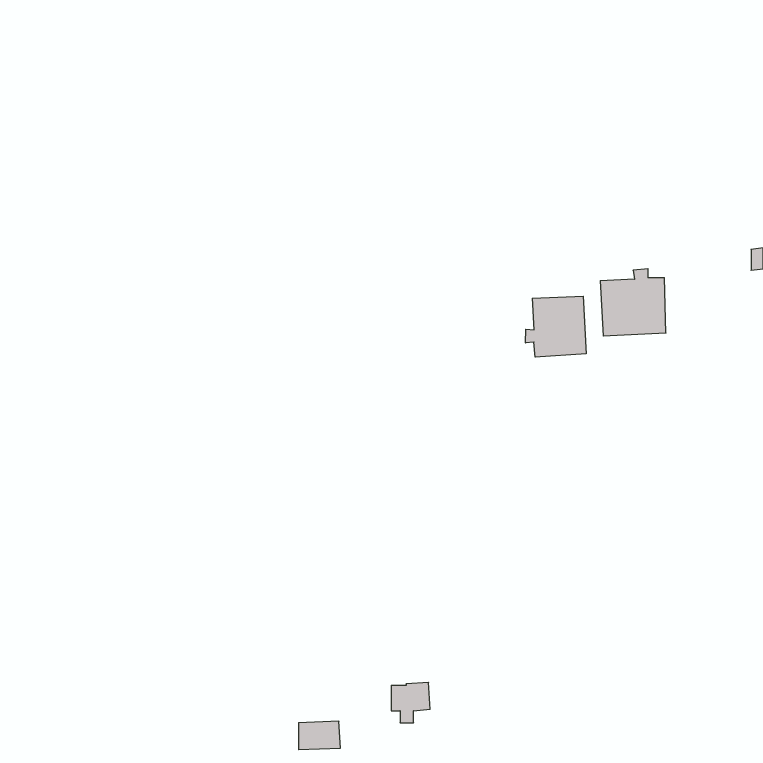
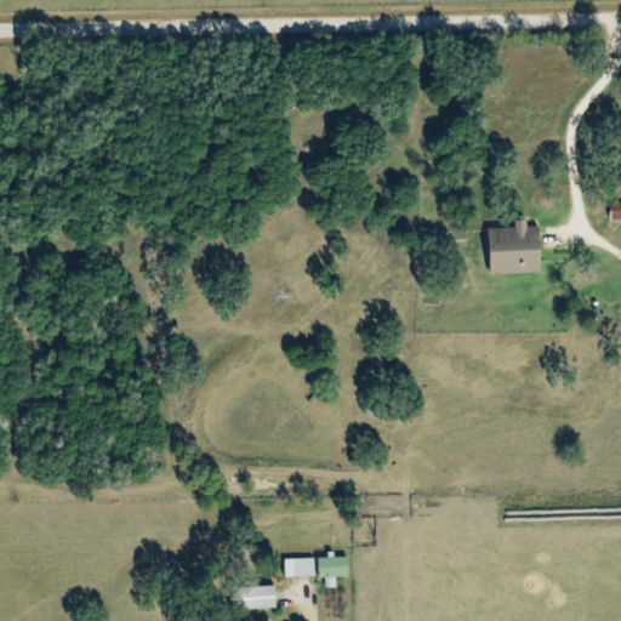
building: [526,296,586,357] -> none
building: none -> [285,557,315,577]

